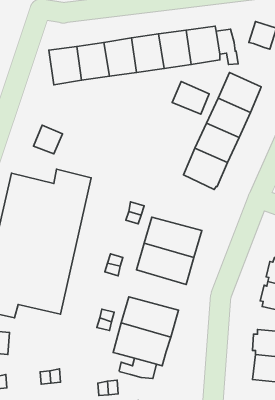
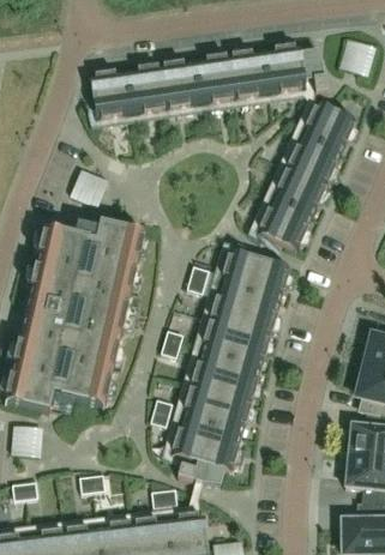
building: [172,82,209,114] -> none
building: none -> [218,252,290,302]
building: none -> [190,351,261,402]

